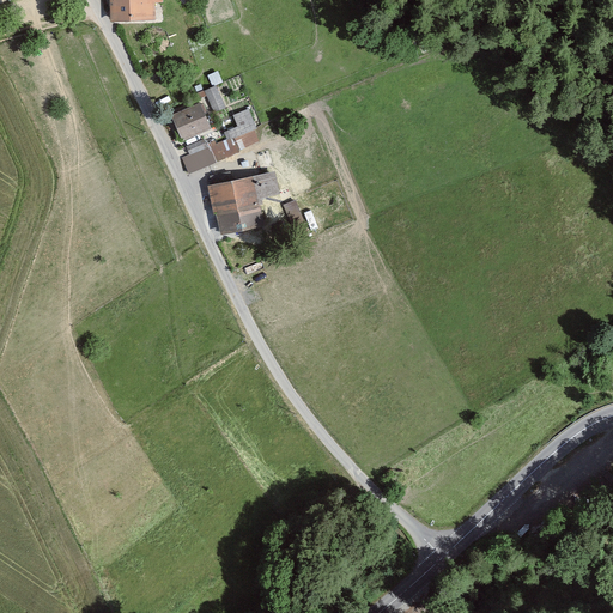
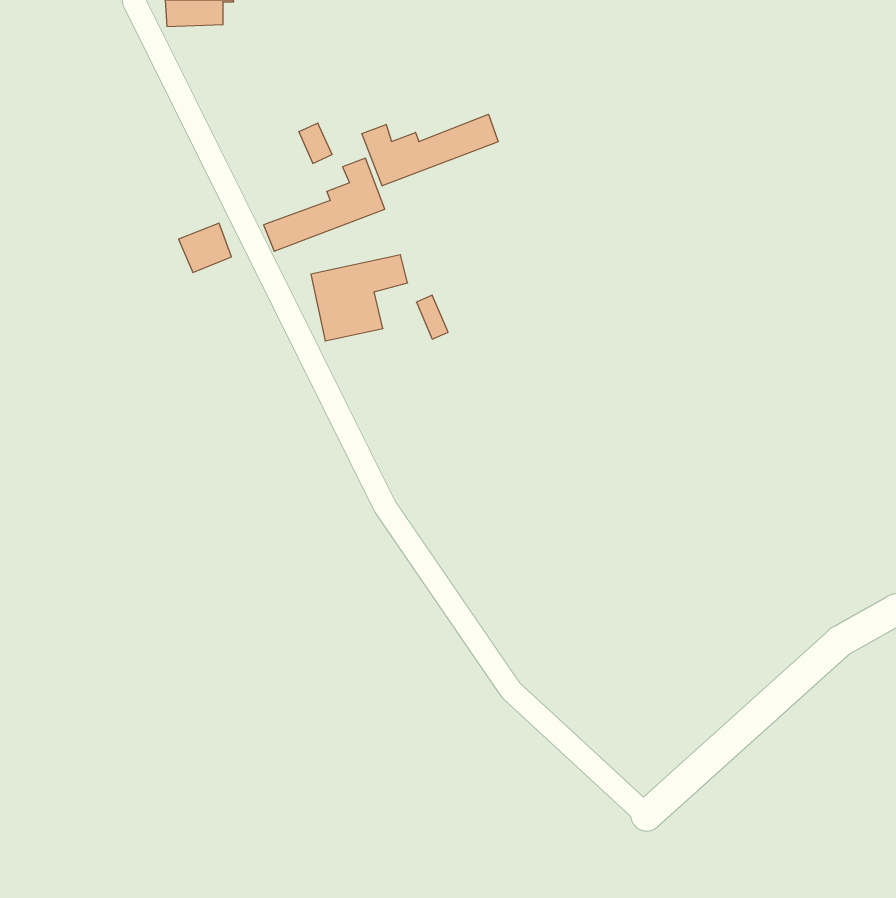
building: none -> [362,114,498,186]
building: [172,105,208,139] -> [179,223,231,272]

